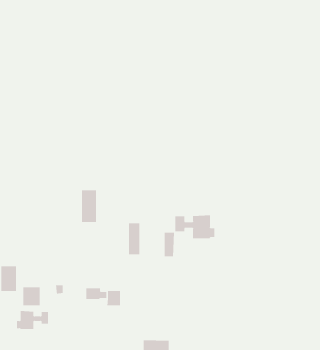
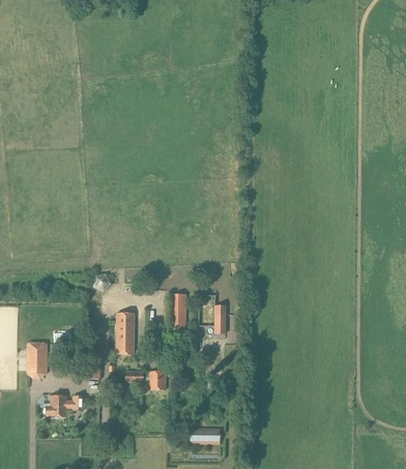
building: [81,190,97,223] -> [117,314,135,351]
building: [175,214,215,239] -> none
building: [23,287,40,306] -> none

